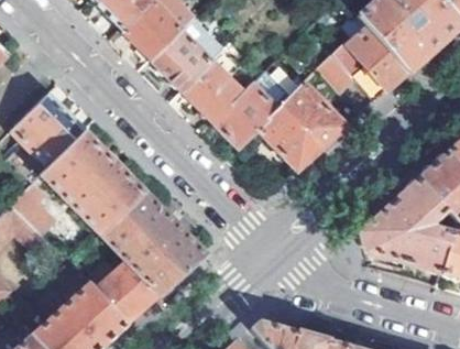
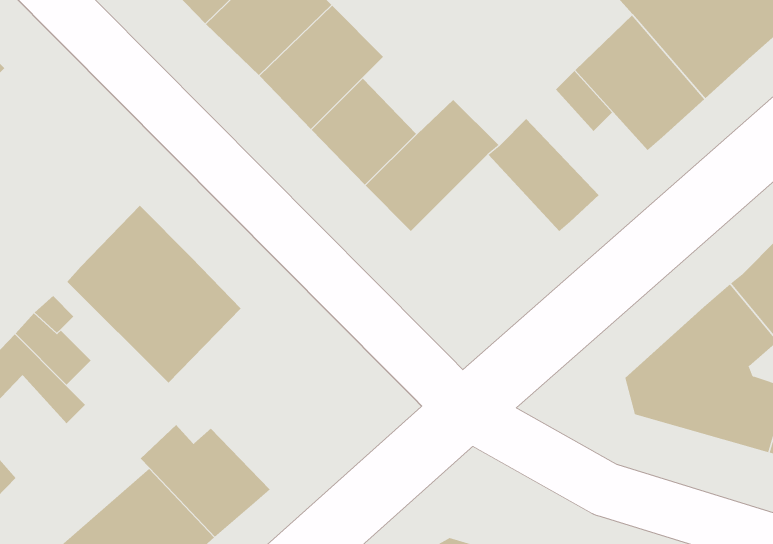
building: [14,96,85,167] -> none
building: [259,103,325,171] -> none
building: [101,192,204,295] -> none

